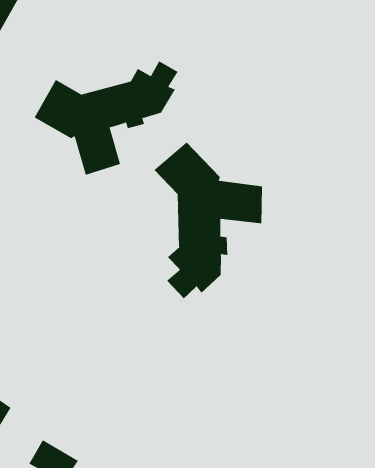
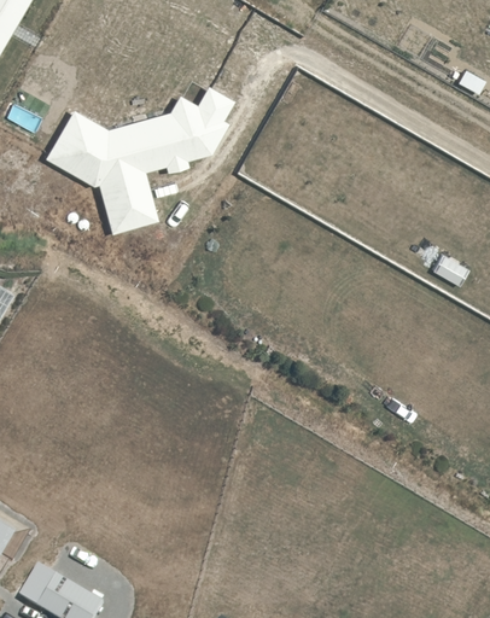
building: [153,141,263,299] -> none

